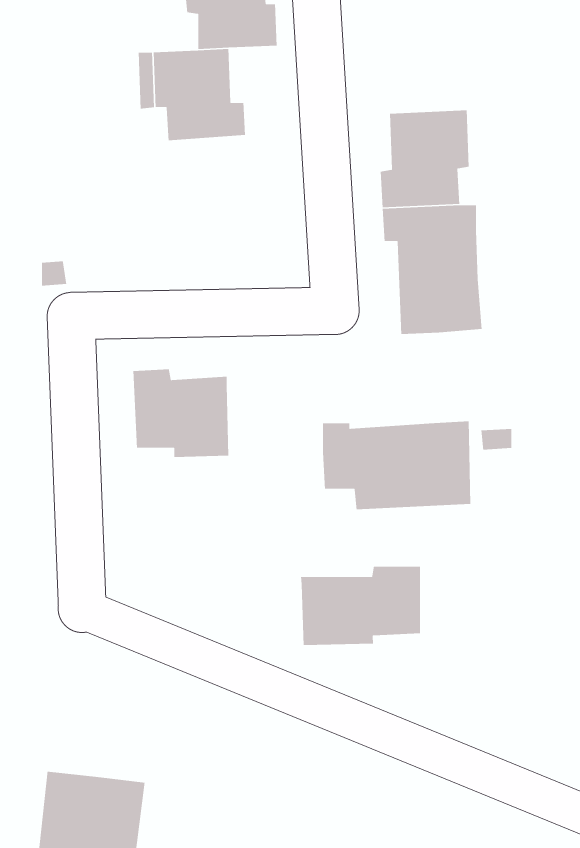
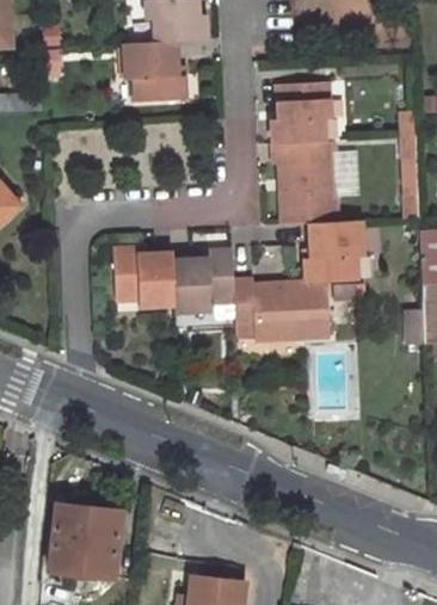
building: none -> [304,221,361,282]
building: none -> [173,251,234,309]
building: [300,566,421,646] -> none

